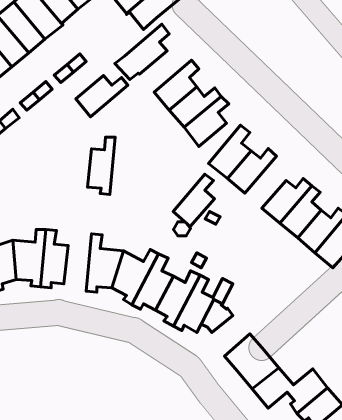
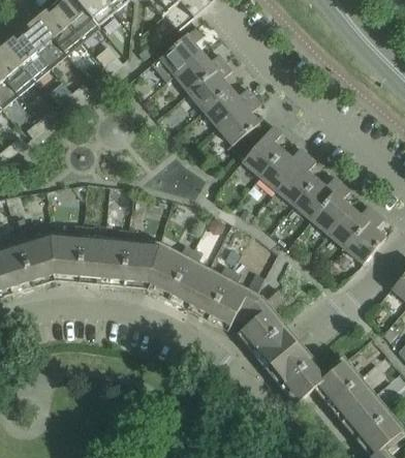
building: [76,75,128,117] -> [175,52,225,92]
building: [87,137,115,195] -> [101,230,128,285]
building: [173,174,215,226] -> [277,154,317,205]
building: none -> [242,287,284,348]

